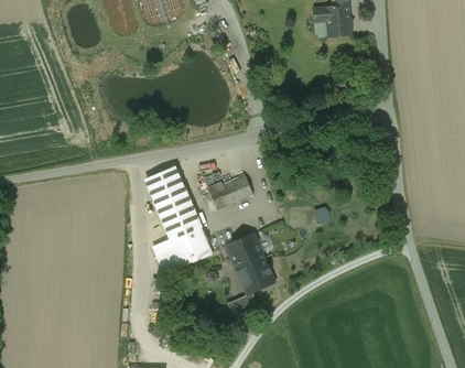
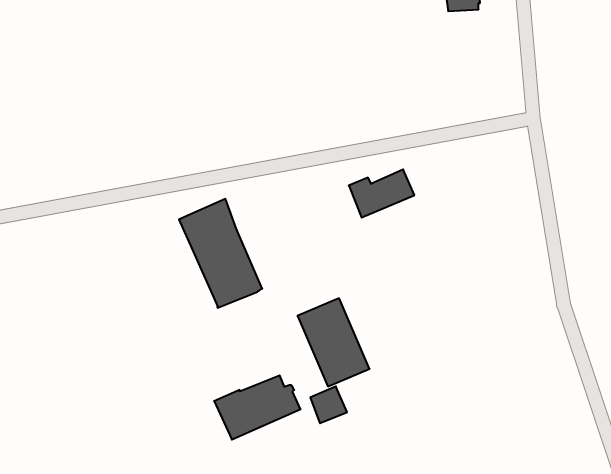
building: [207,175,252,208] -> [349,169,414,218]
building: [152,228,212,272] -> [214,375,301,440]

